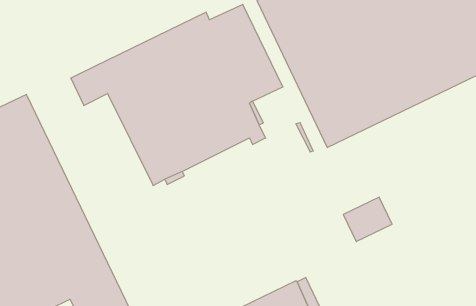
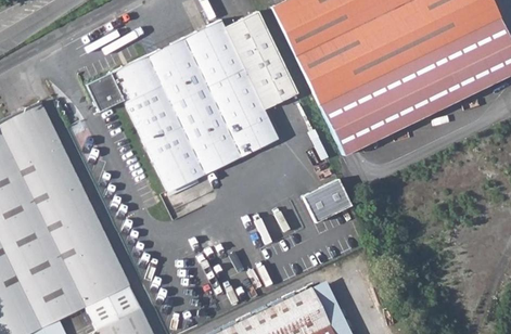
building: [343,197,392,242] -> [303,178,352,222]

